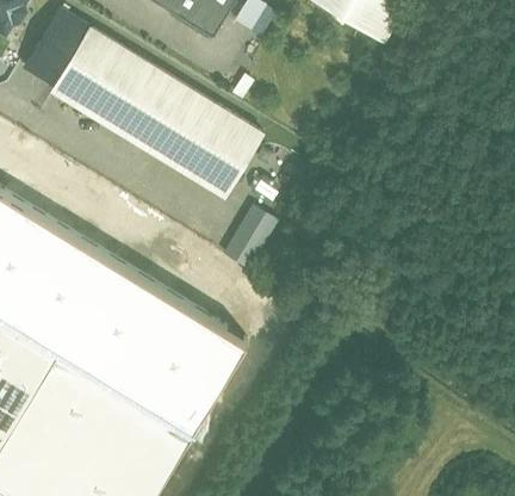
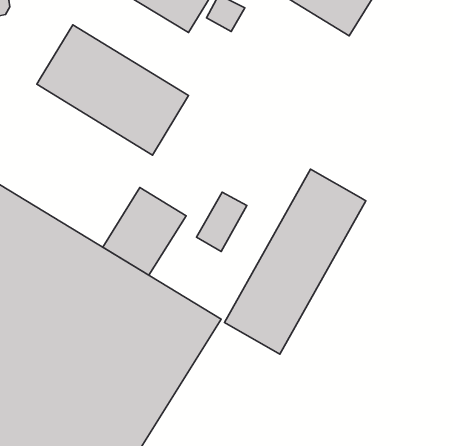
building: [25,11,91,86] -> none
building: [175,104,263,197] -> [103,188,186,275]
building: none -> [224,169,366,354]

